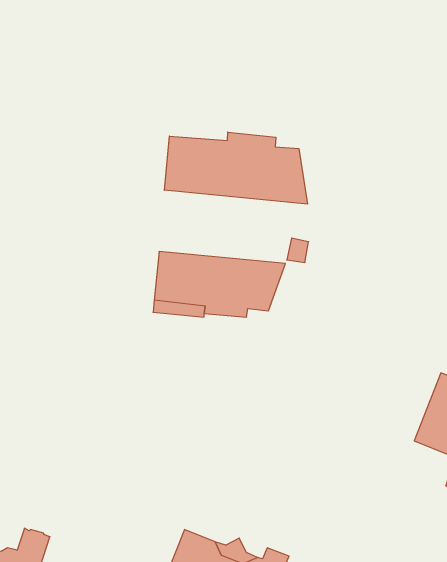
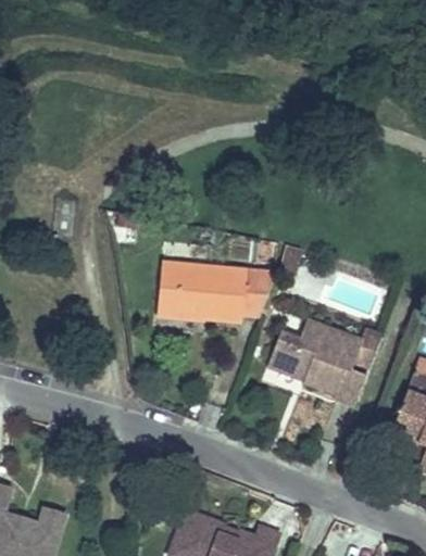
building: [164,132,308,204] -> none
building: none -> [271,319,367,404]

